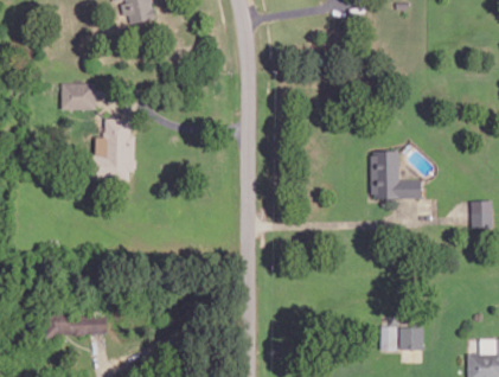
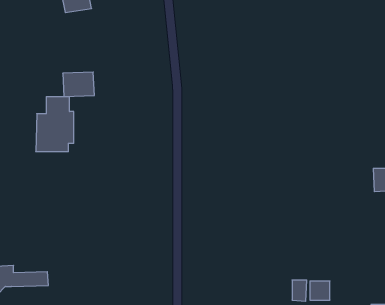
building: [60,84,96,111] -> [63,72,94,96]
building: [371,149,422,197] -> none

